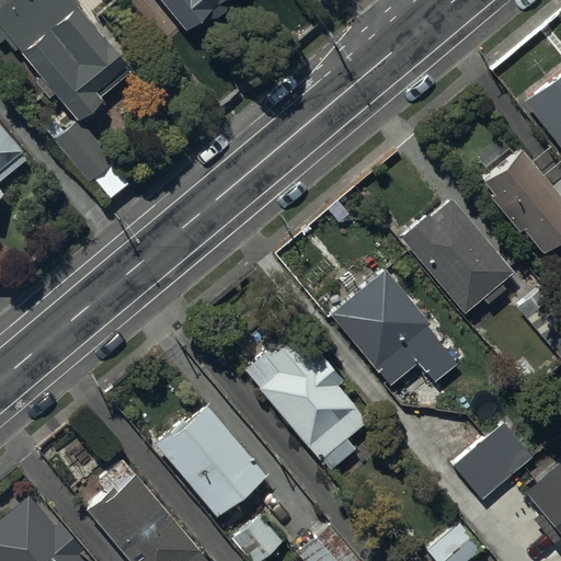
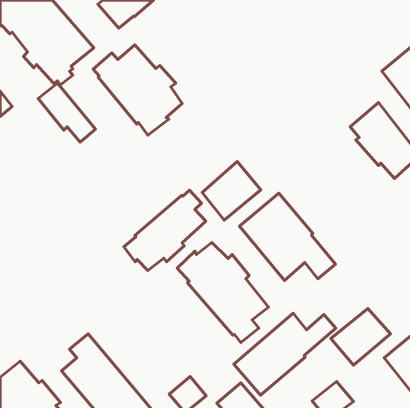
building: none -> [93,45,182,135]
building: [402,201,511,311] -> none
building: none -> [202,162,261,220]
building: none -> [124,190,206,270]
building: [154,407,267,517] -> none
building: none -> [234,313,336,395]

